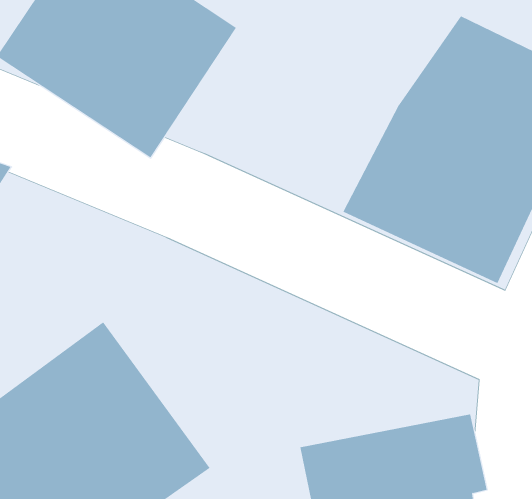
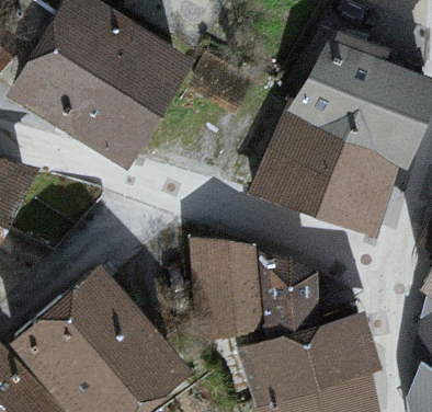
building: none -> [192,241,316,335]

